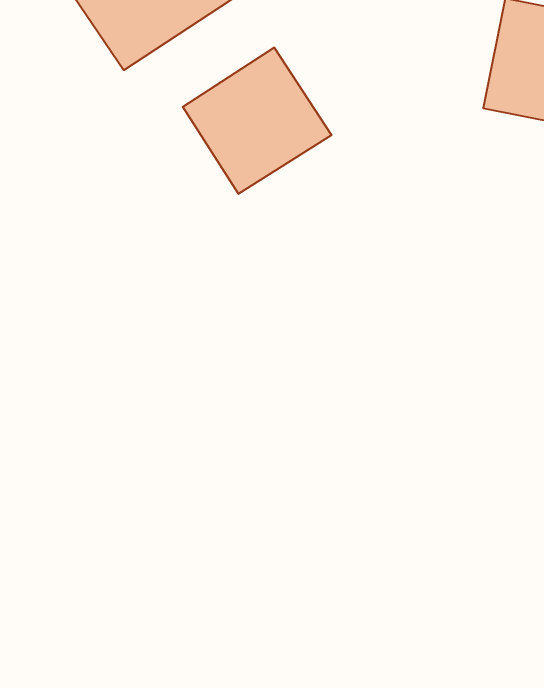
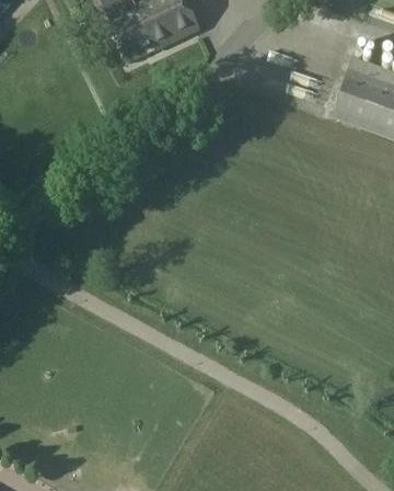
building: [183,47,331,194] -> none

